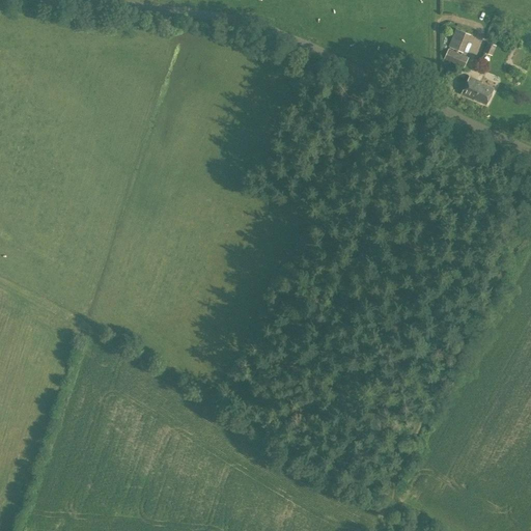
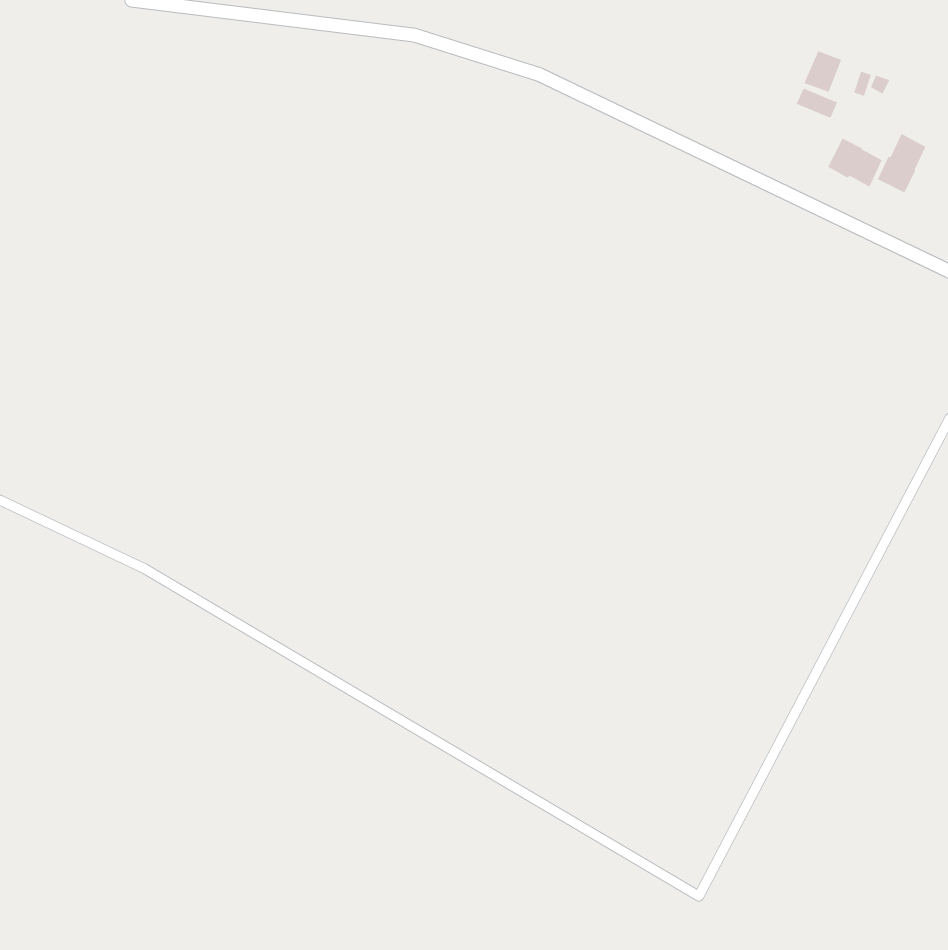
building: none -> [877,133,926,193]

